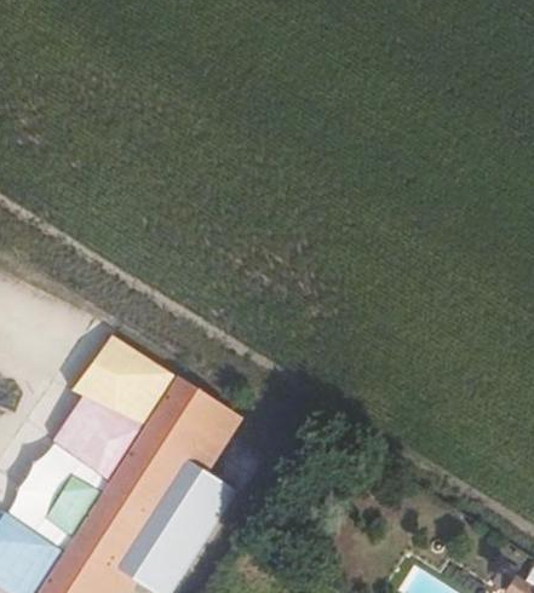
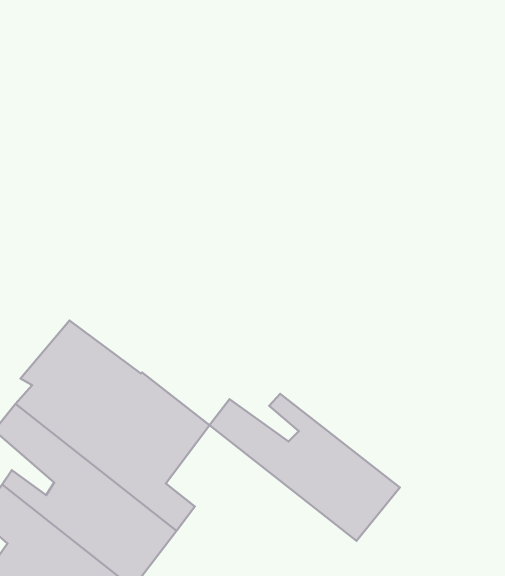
building: none -> [210,394,400,541]

